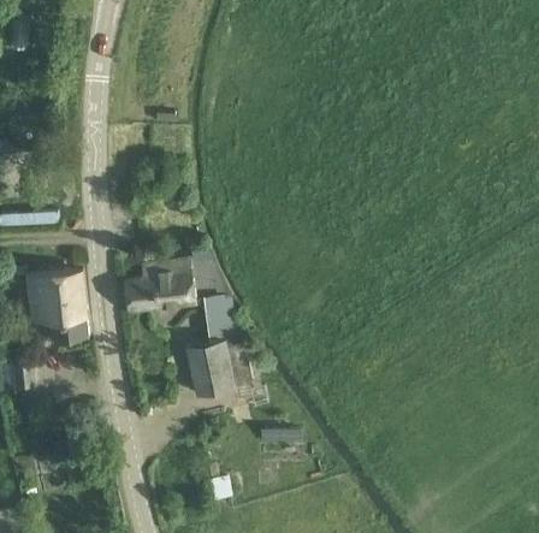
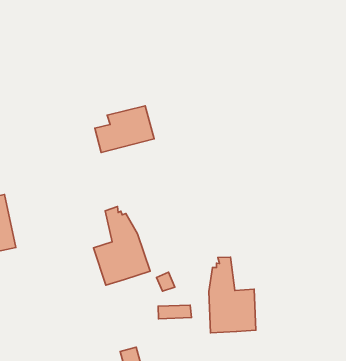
building: [124,257,196,310] -> [95,106,154,153]
building: none -> [209,257,256,333]

